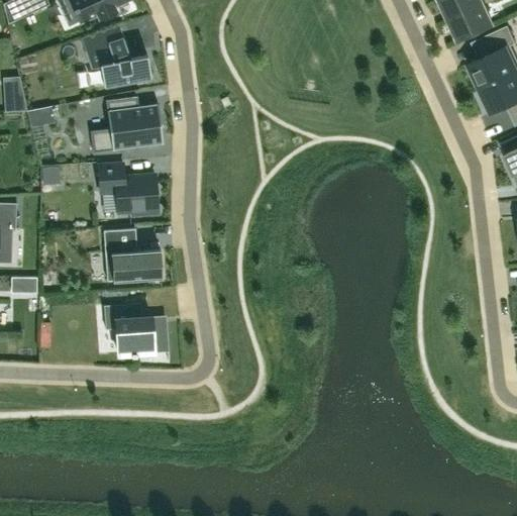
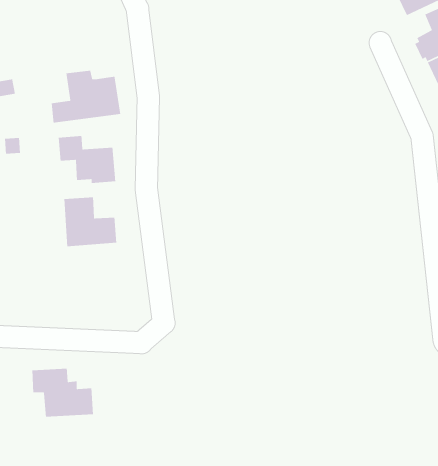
building: [87,33,151,87] -> none
building: [104,303,169,354] -> [32,368,94,418]

